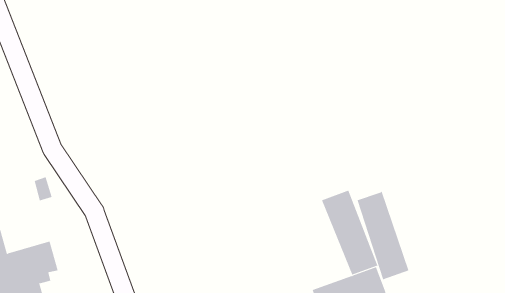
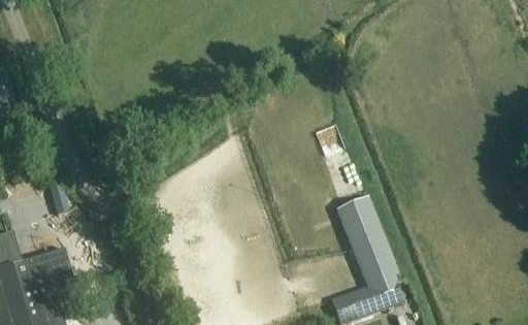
building: [357,190,409,280] -> none

